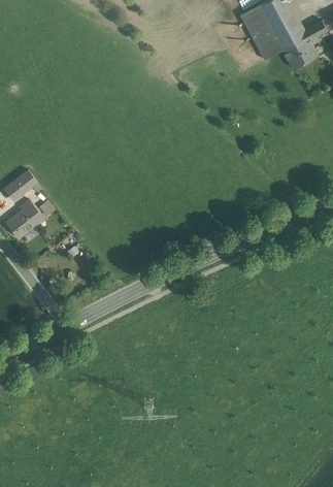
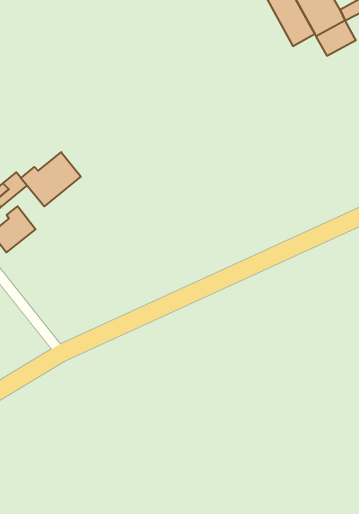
building: none -> [21,152,81,206]

